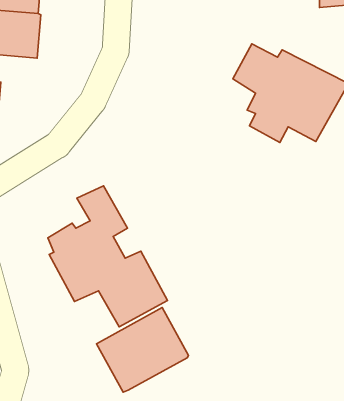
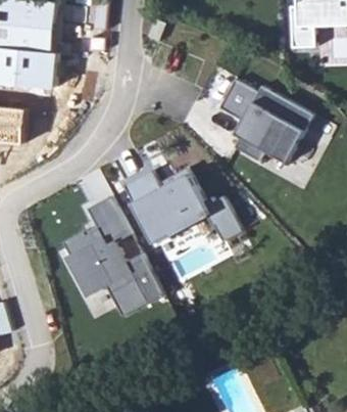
building: none -> [123,172,244,241]
building: [96,307,189,392] -> none

